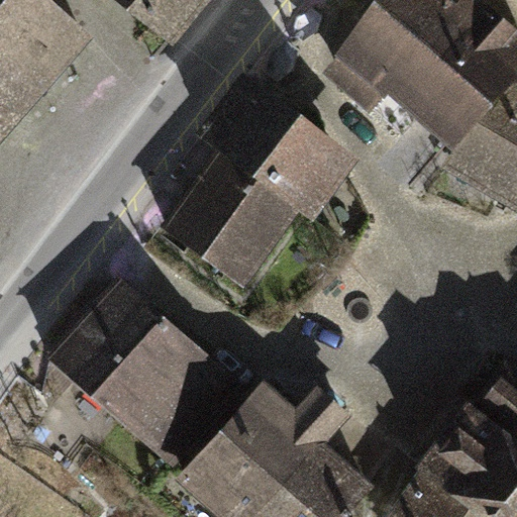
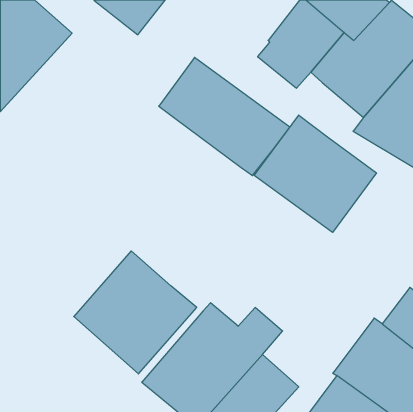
building: none -> [254,115,376,232]
building: [162,149,302,288] -> none
building: [47,276,165,397] -> none

